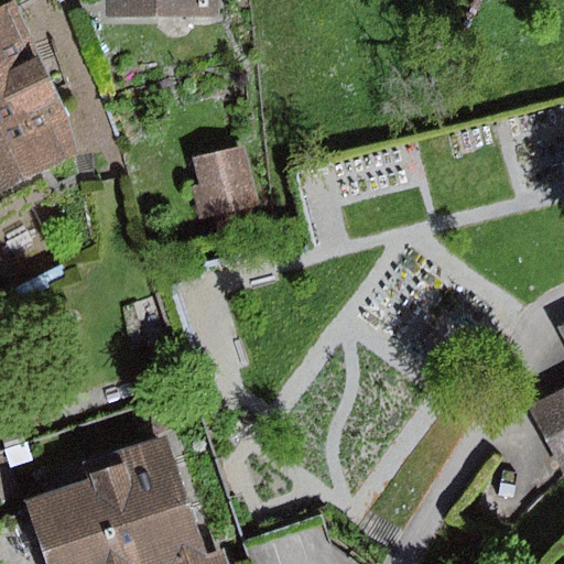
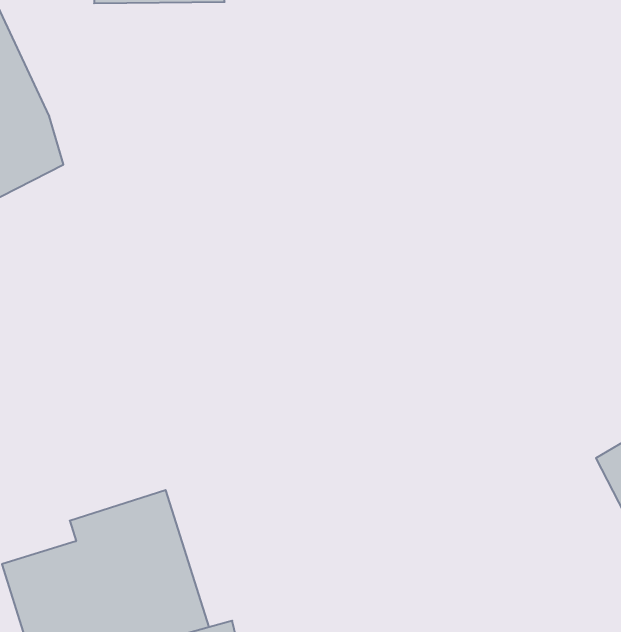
building: [188,143,262,224] -> none

